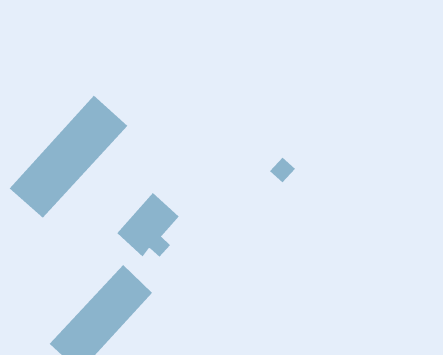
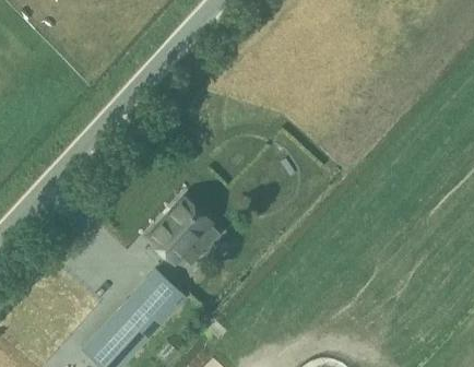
building: [9,95,128,219] -> none

